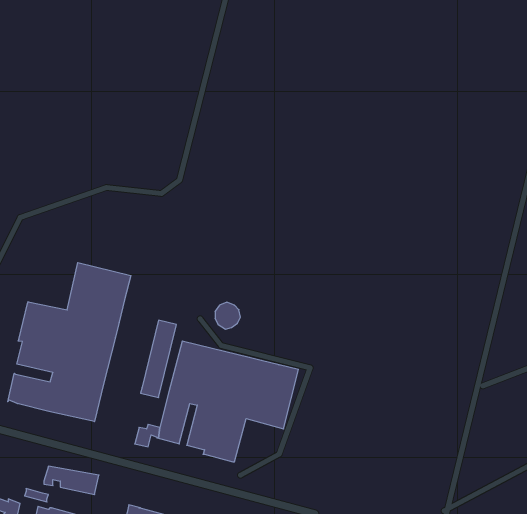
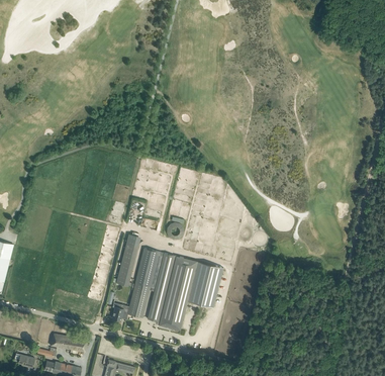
building: [8,263,131,422] -> none

